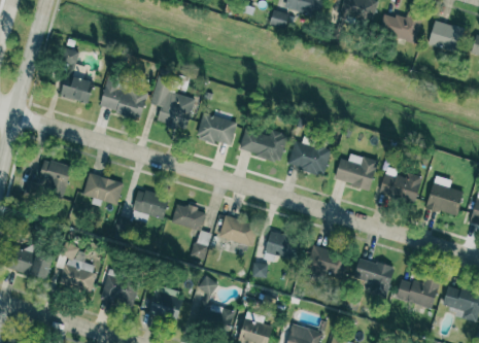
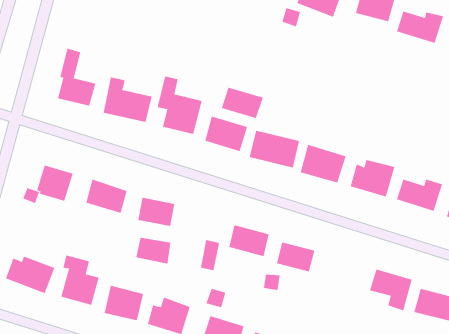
building: none -> [221,87,263,119]
building: [172,204,206,230] -> [136,237,171,264]
building: [306,245,349,282] -> none

